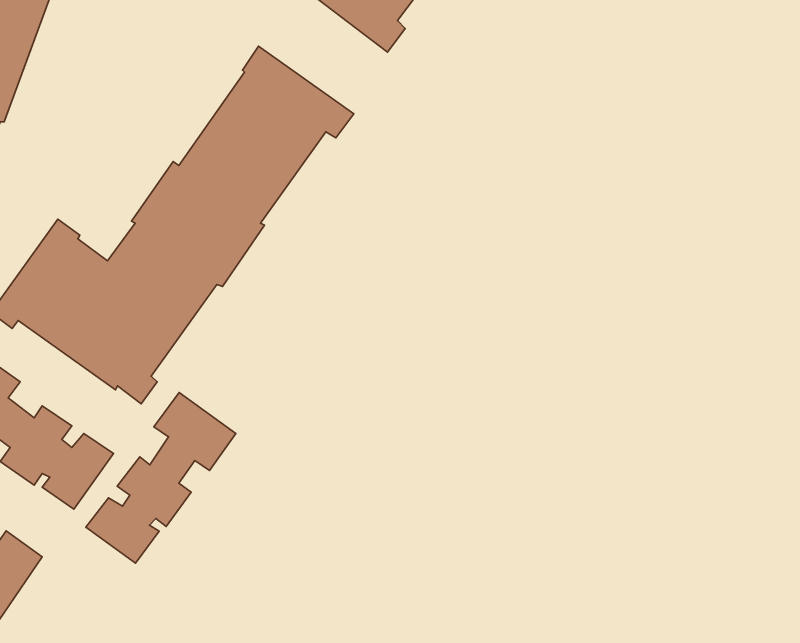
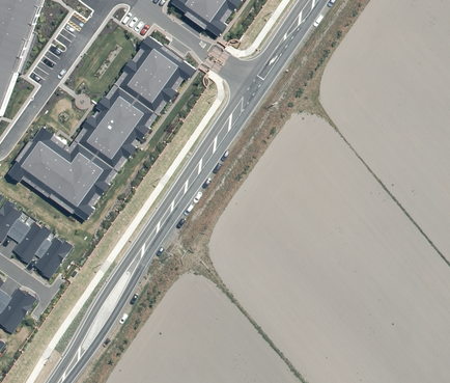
building: [86,393,236,563] -> none

